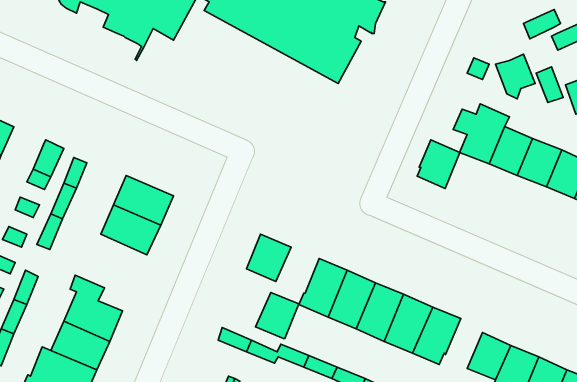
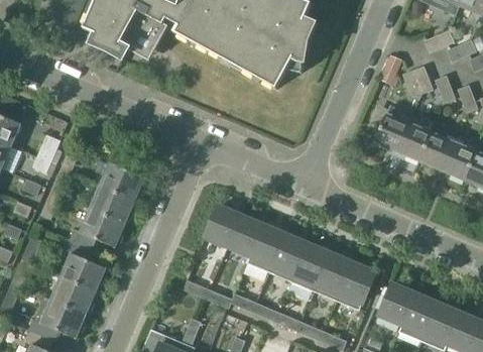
building: [417,140,460,188] -> none
building: none -> [71,207,127,249]
building: [256,292,299,338] -> [229,217,263,253]

